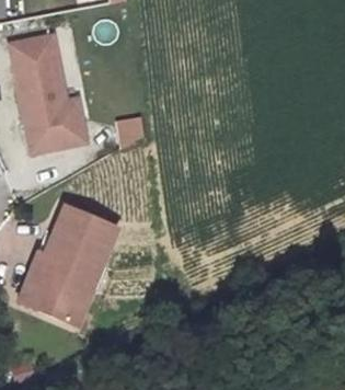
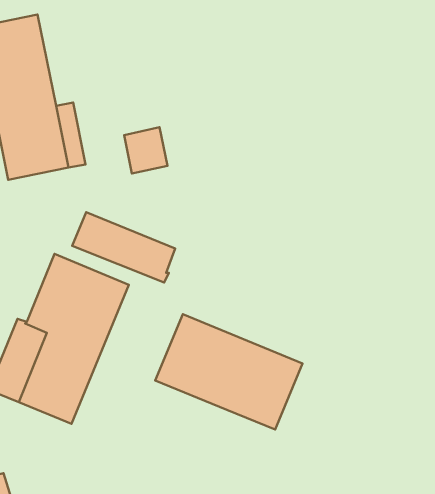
building: none -> [72,212,175,282]
building: none -> [155,314,303,430]

